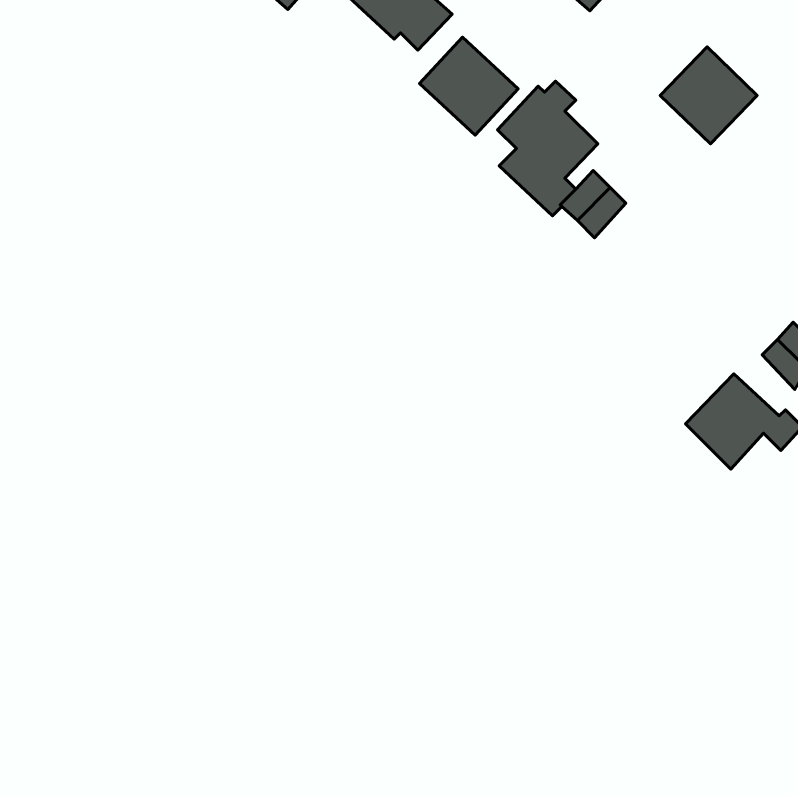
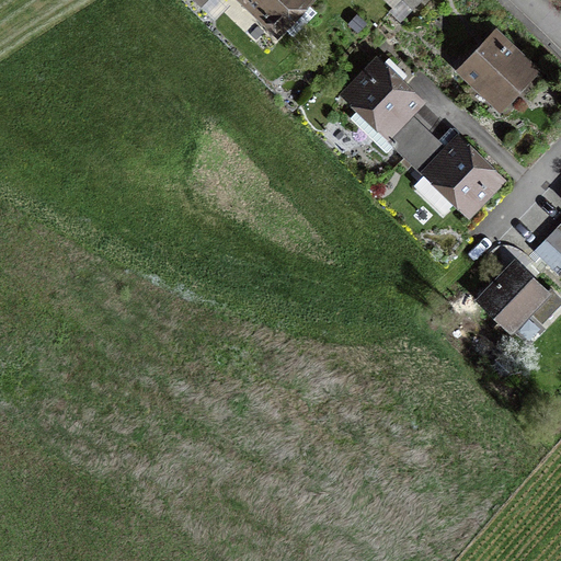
building: [420,37,518,135] -> none
building: none -> [417,138,501,208]

